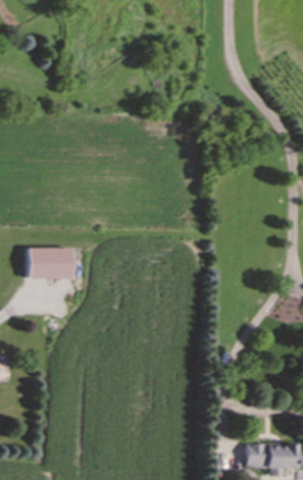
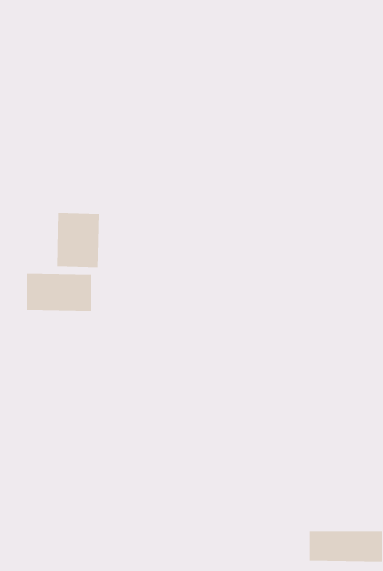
building: none -> [56,212,100,268]

